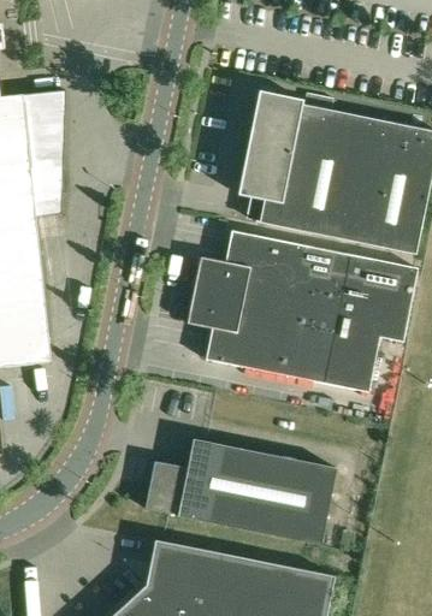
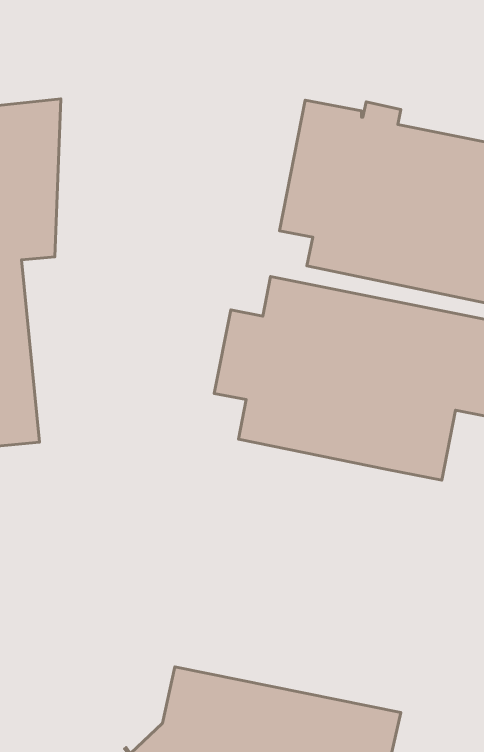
building: [144,439,336,545] -> none

